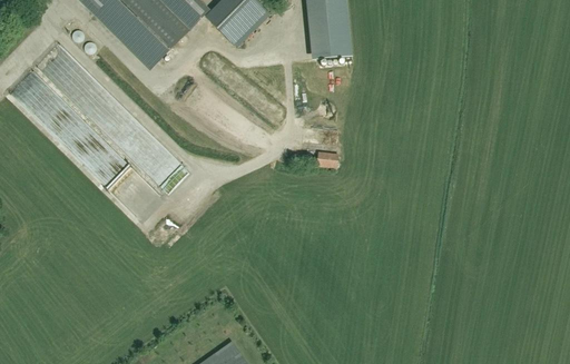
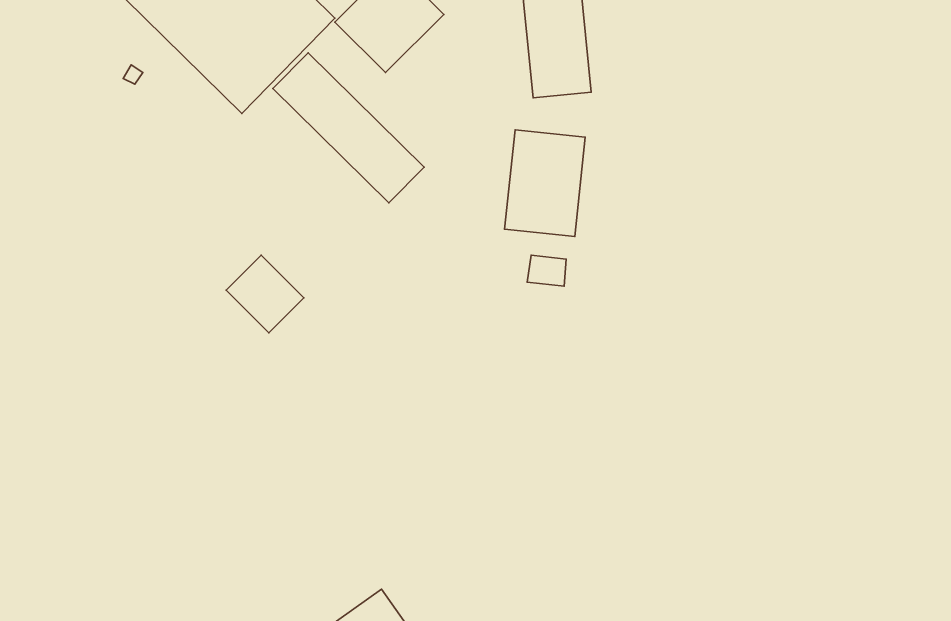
building: none -> [273,53,424,203]
building: none -> [505,130,585,236]

